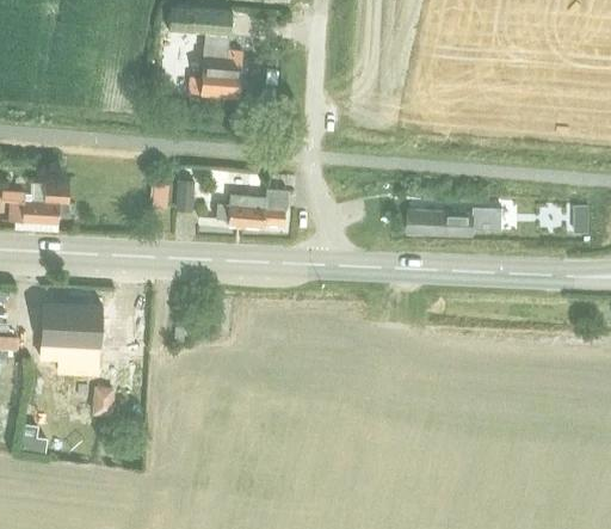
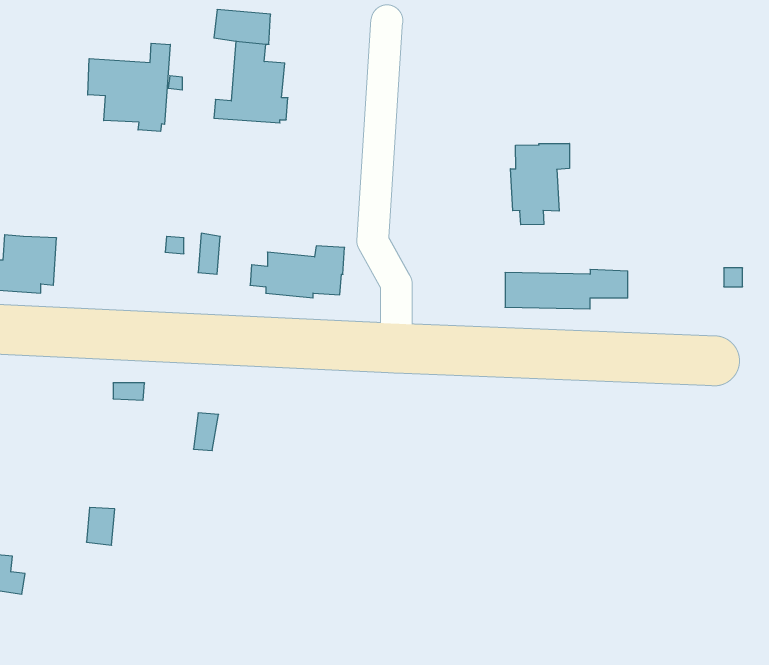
building: none -> [88,43,170,131]
building: none -> [510,143,569,225]
building: [39,301,101,373] -> none

